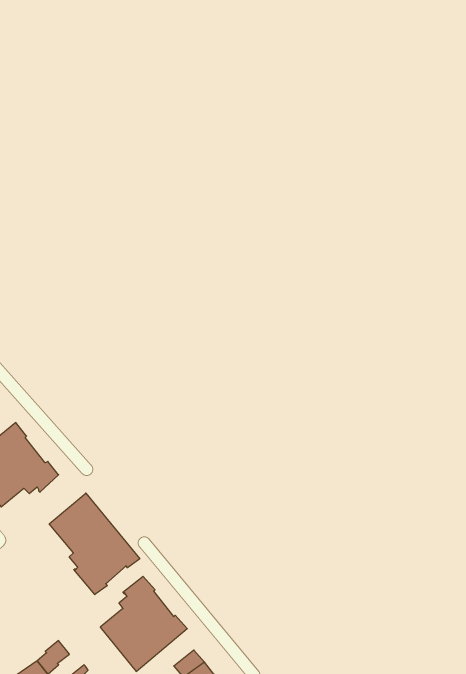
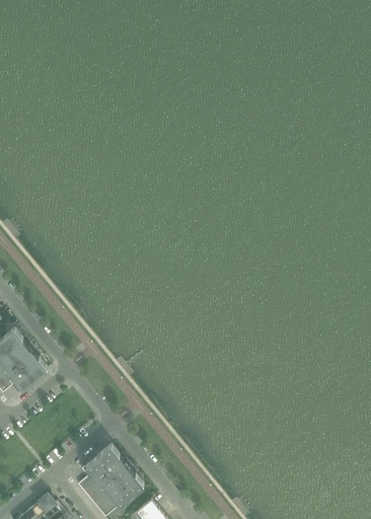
building: [49,493,140,595] -> none

